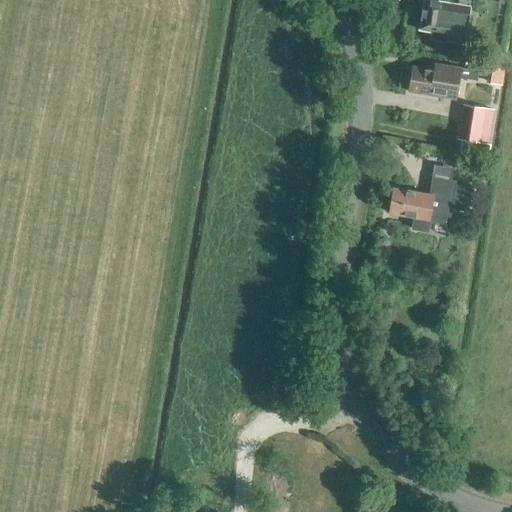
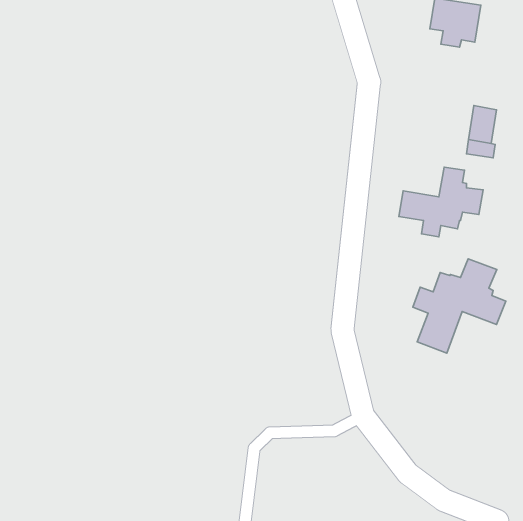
building: [409,63,480,97] -> none
building: none -> [413,259,506,353]

